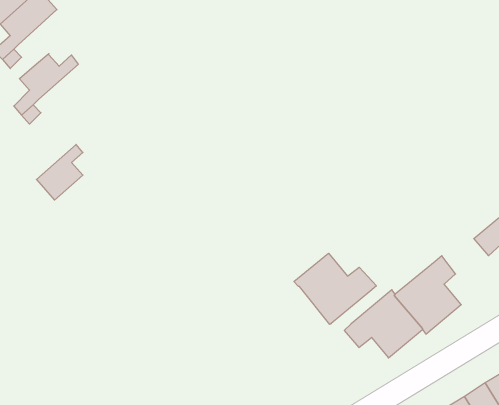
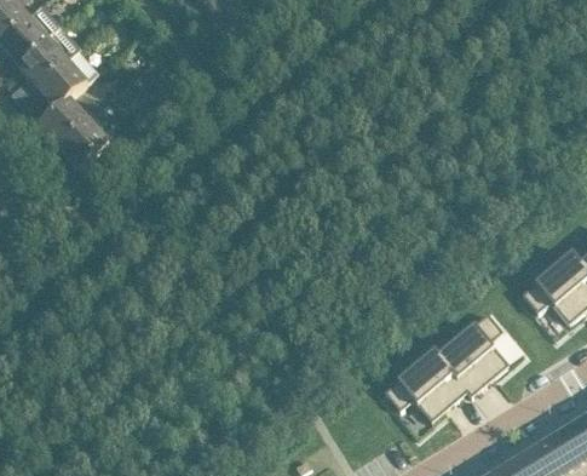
building: none -> [38,48,99,107]
building: [36,144,83,200] -> [59,107,109,166]
building: [294,253,376,324] -> none

